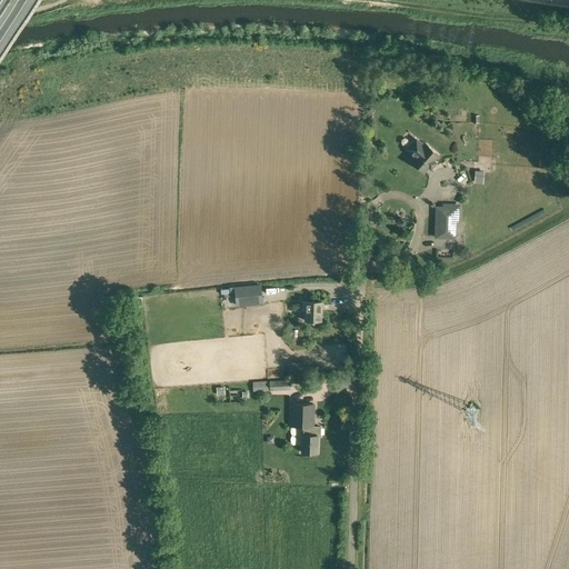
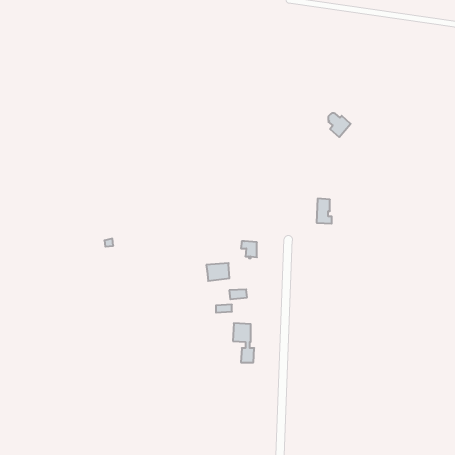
building: [435,207,453,238] -> [317,199,332,224]
building: [232,284,261,307] -> [206,263,229,281]

